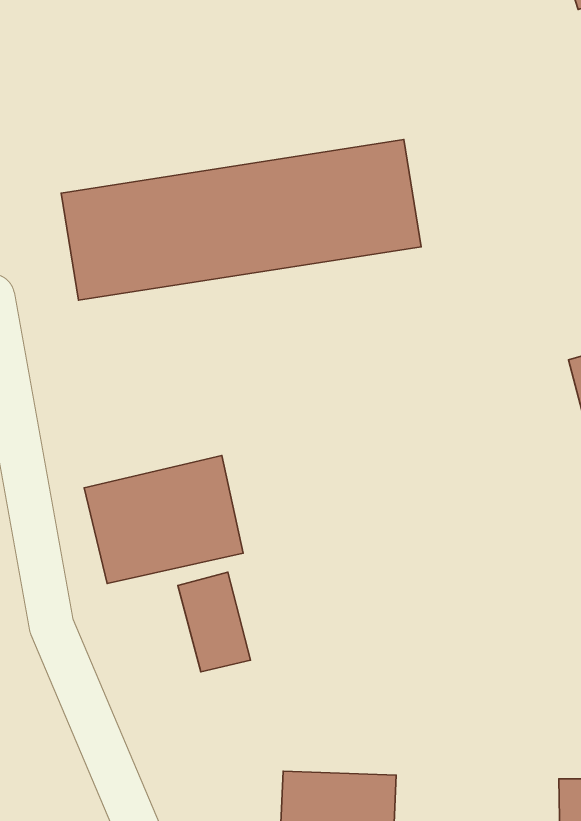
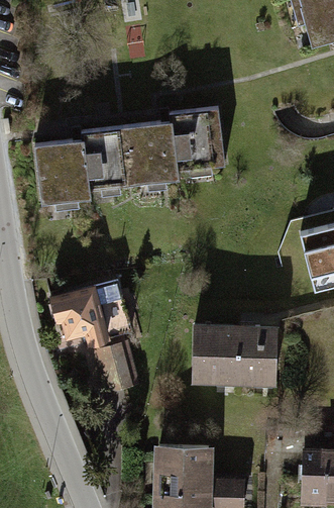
building: none -> [191,328,280,382]

